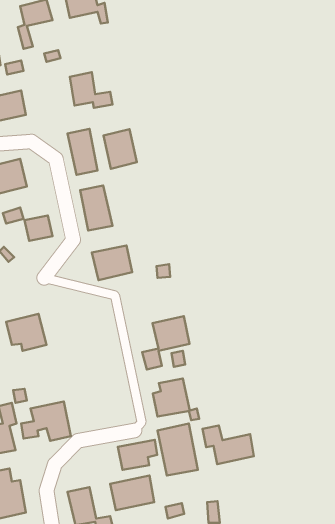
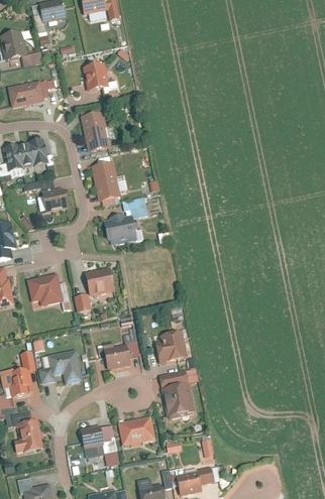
building: [103,129,137,169] -> none
building: [142,316,190,369] -> [75,266,116,313]
building: [203,426,254,464] -> none
building: [118,440,157,470] -> [104,342,138,368]

